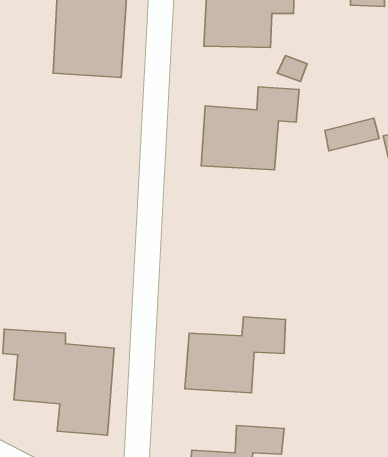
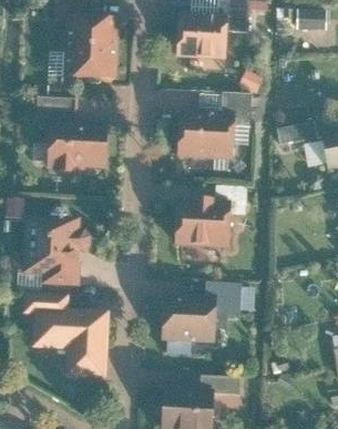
building: none -> [27,98,105,175]
building: none -> [172,188,247,251]
building: none -> [16,216,80,289]

